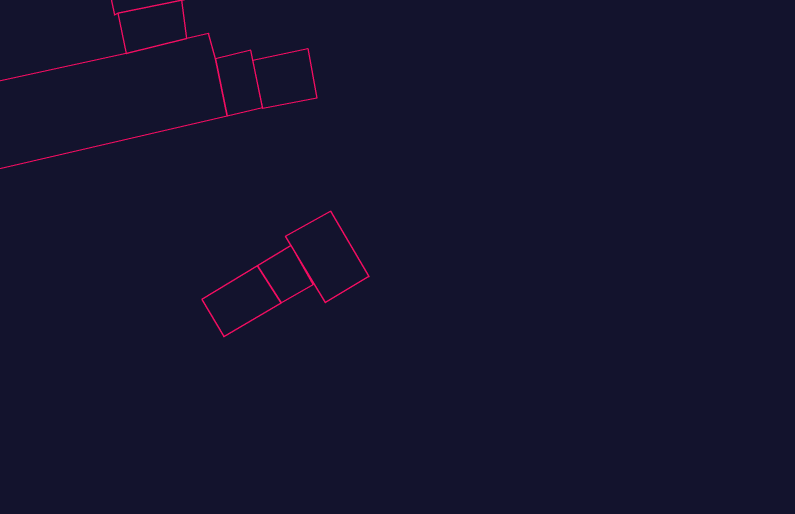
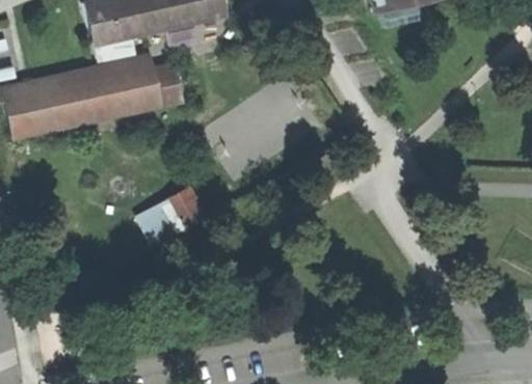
building: [253,49,317,108] -> none
building: [286,211,369,303] -> none

